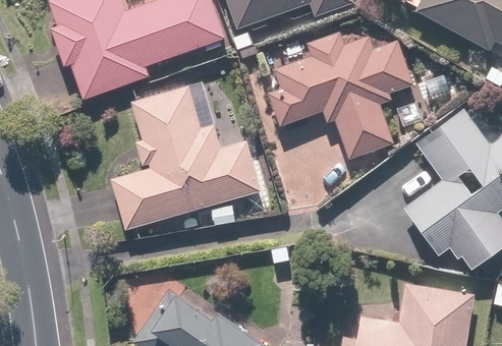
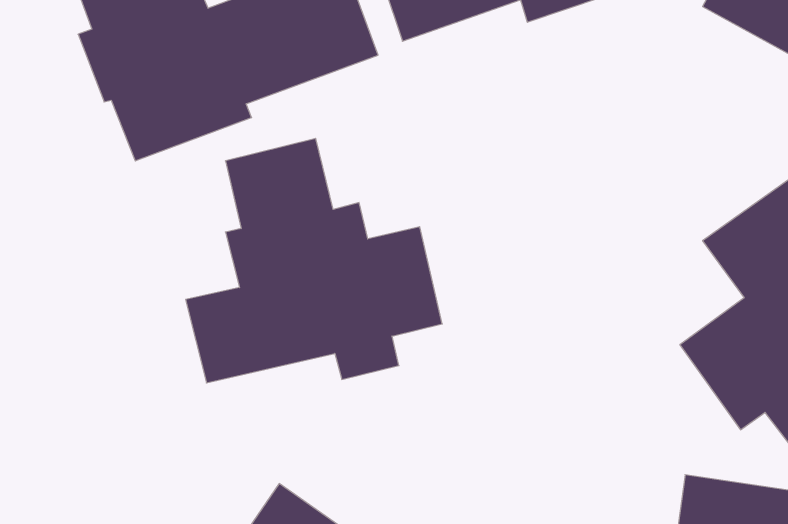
building: [264,33,413,161] -> none

